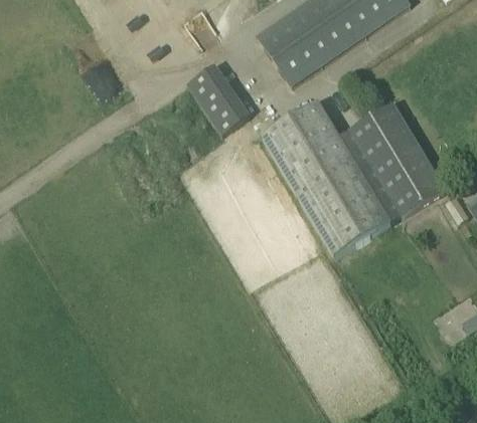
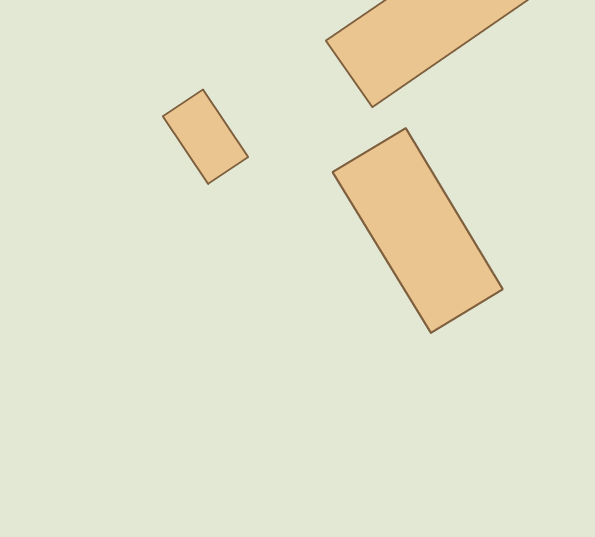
building: [189,62,254,134] -> [163,90,248,184]
building: [347,102,445,216] -> none

